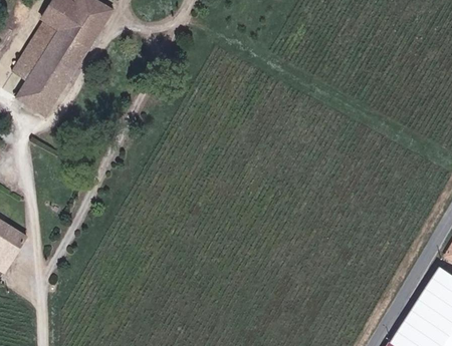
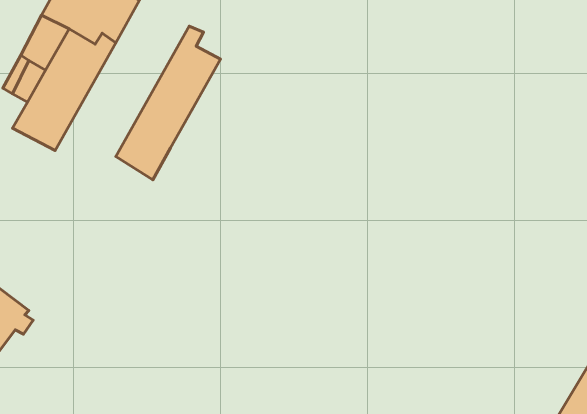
building: none -> [116,26,220,180]

